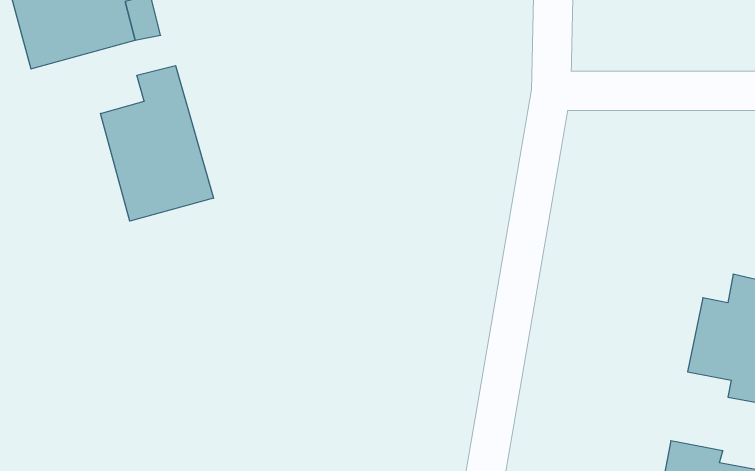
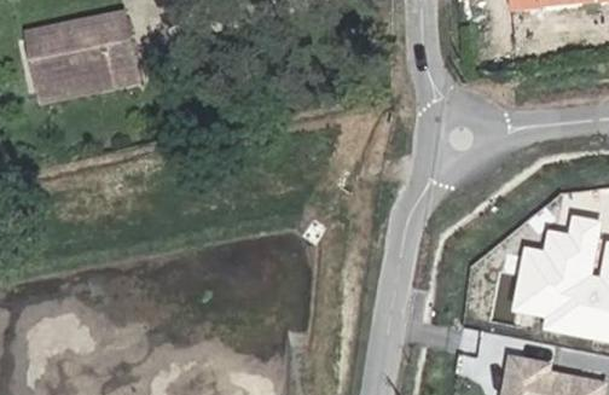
building: [101,66,214,221] -> none

